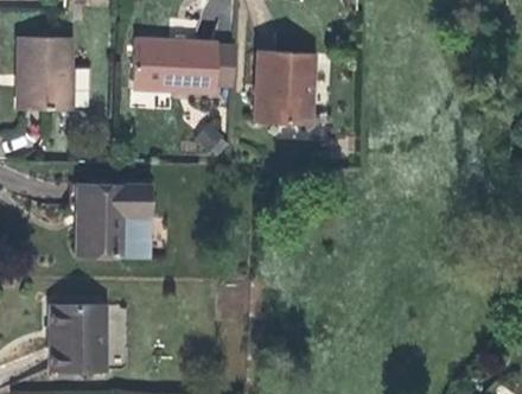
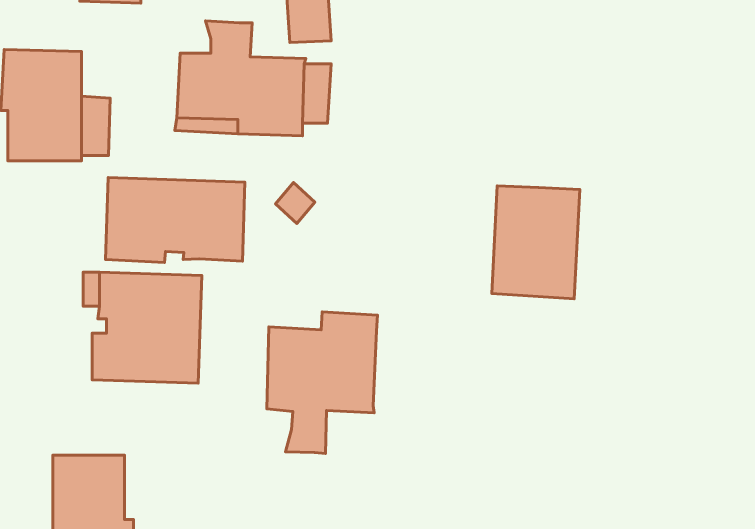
building: [256,50,314,125] -> [492,186,580,299]
building: none -> [105,177,245,263]
building: none -> [267,312,378,454]

